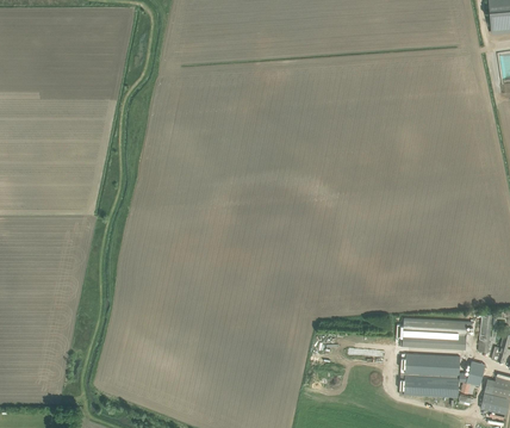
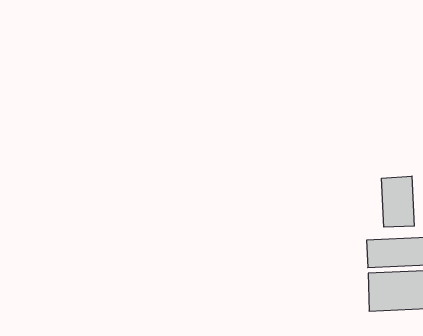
building: none -> [382,176,414,227]

